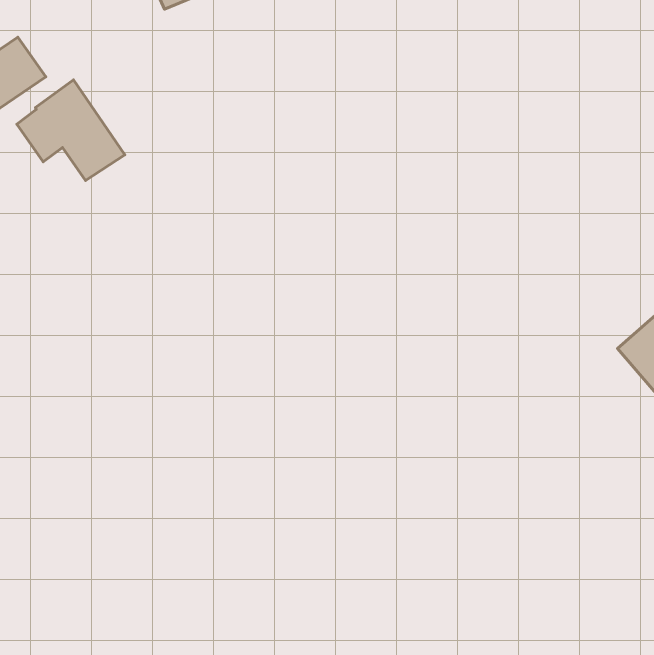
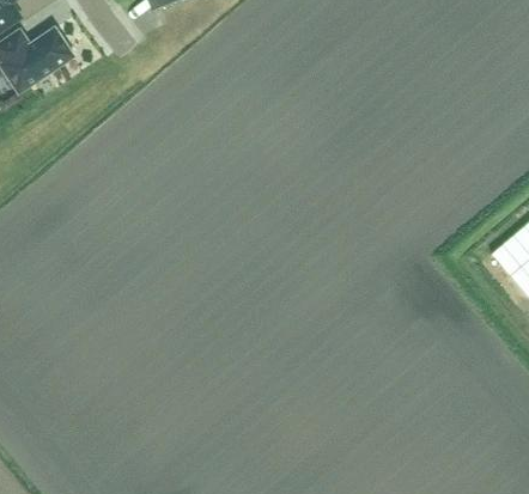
building: [17,80,125,181] -> none

